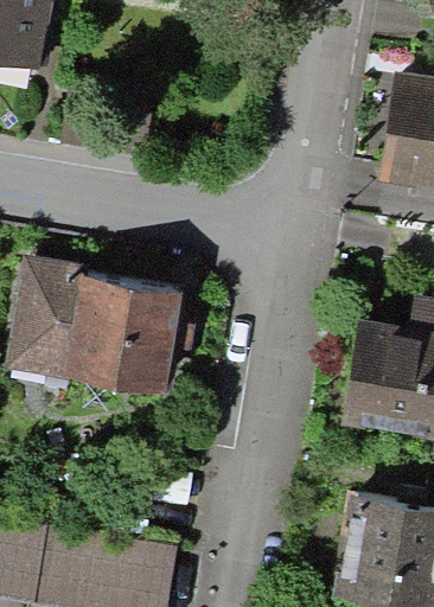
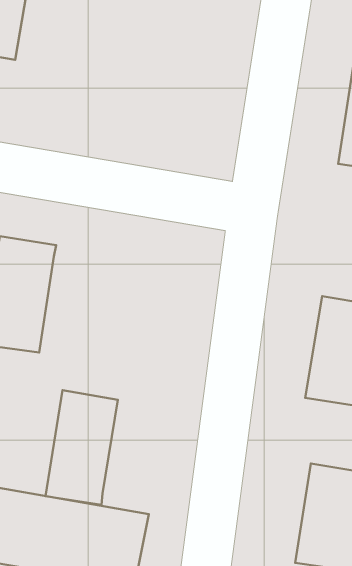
building: [64,276,184,394] -> none
building: none -> [46,390,118,505]

